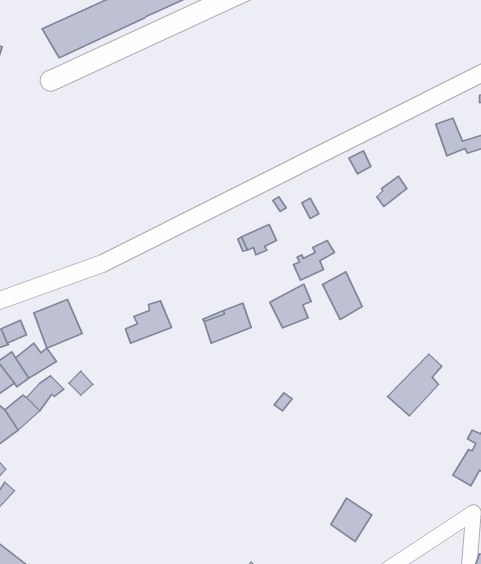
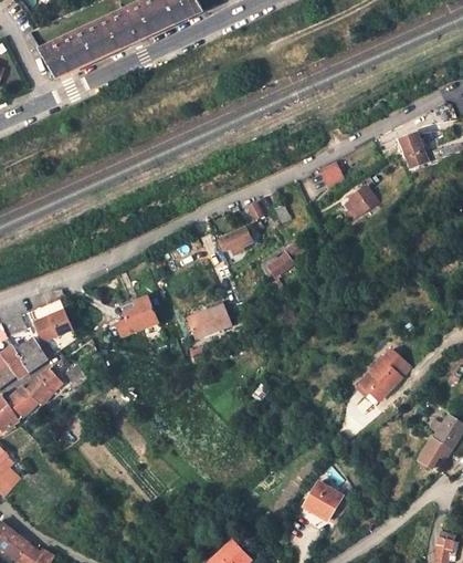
building: [322,272,362,320] -> none
building: [270,284,311,328] -> none

